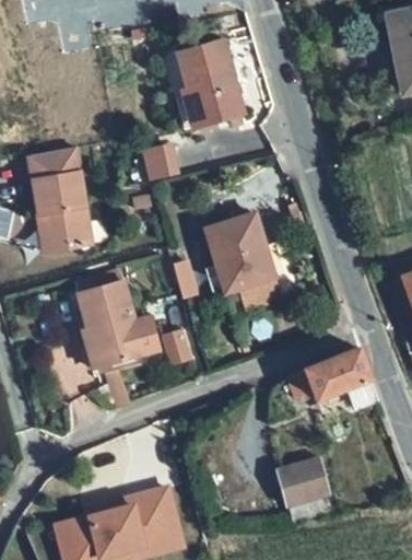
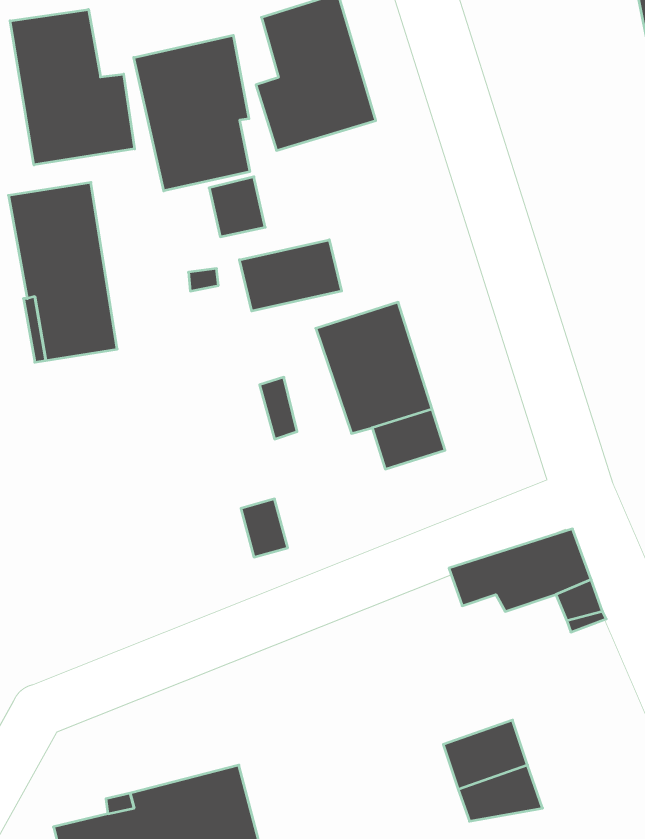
building: none -> [10,9,135,165]
building: none -> [134,35,250,191]
building: none -> [239,240,342,311]
building: [78,280,158,372] -> none

